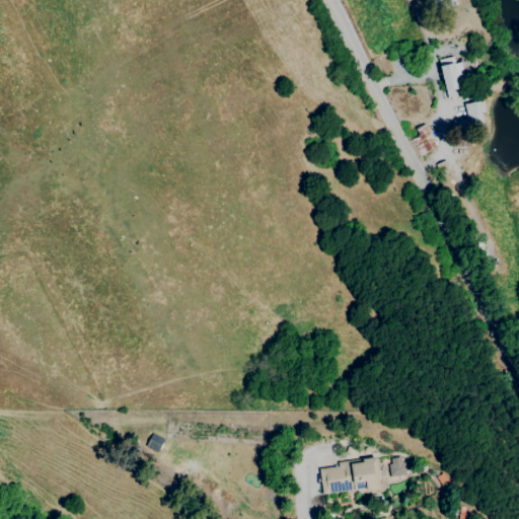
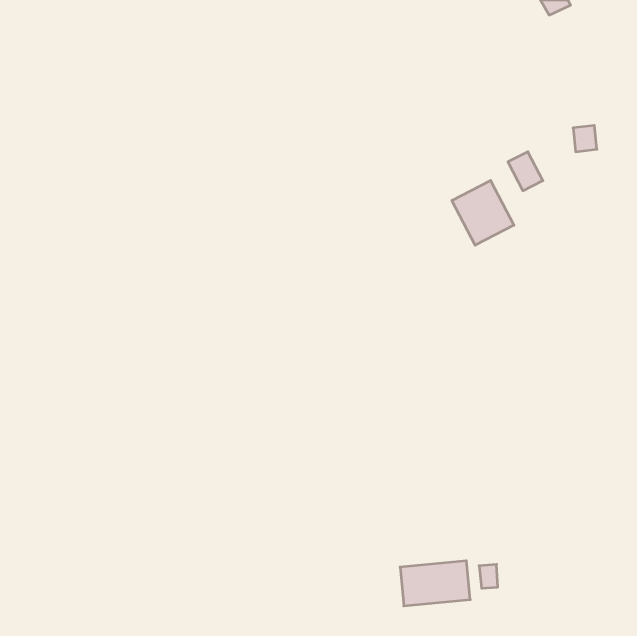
building: [443,59,472,95] -> none
building: none -> [452,180,514,245]

